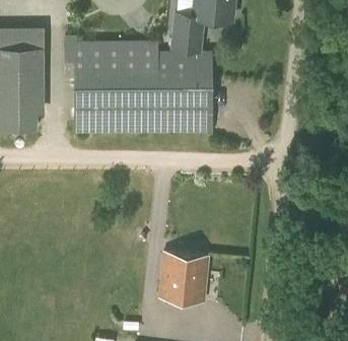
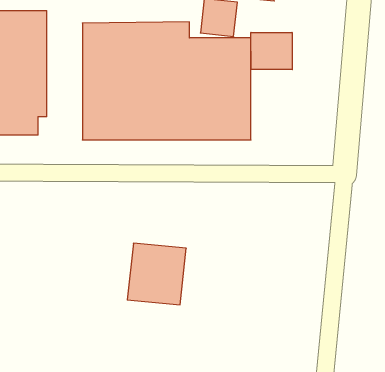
building: none -> [251,32,292,70]
building: [159,253,208,303] -> [127,243,186,305]

